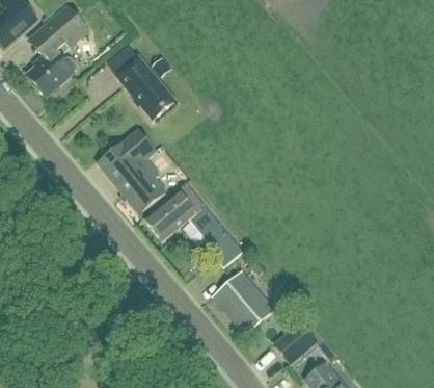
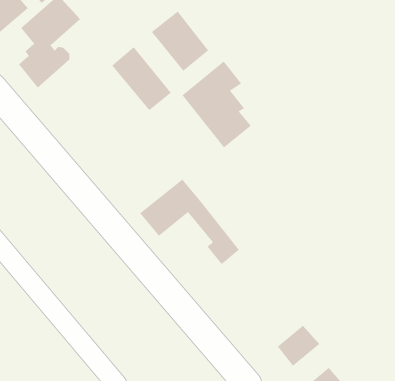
building: none -> [151,11,209,72]
building: [98,129,165,213] -> [181,61,252,148]
building: [212,270,274,334] -> none

